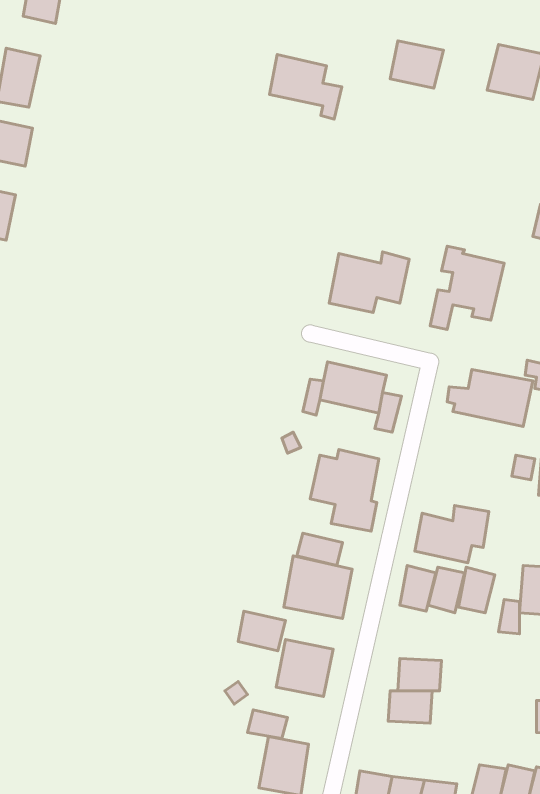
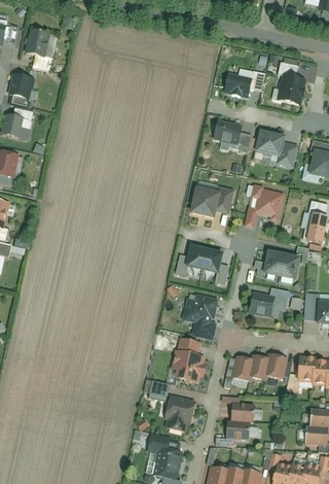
building: [270,55,342,119] -> [214,116,253,151]
building: none -> [256,129,300,167]
building: [415,506,489,563] -> [250,286,290,317]

